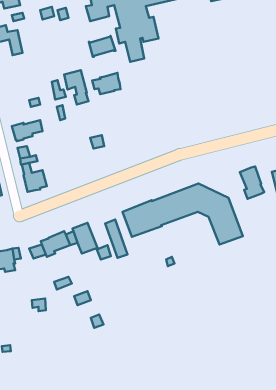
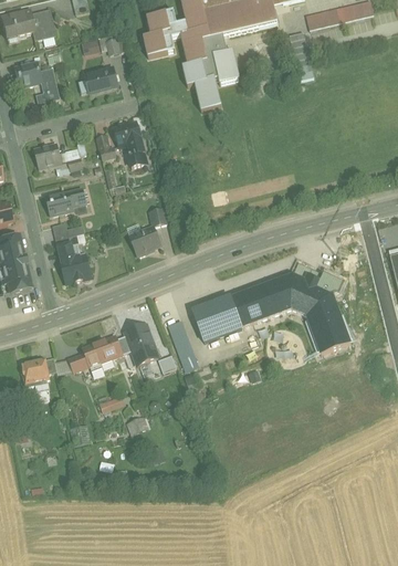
building: [89,36,115,57] -> [83,65,118,93]
building: [92,73,120,94] -> none
building: none -> [34,143,61,167]
building: none -> [128,224,160,255]
building: [240,167,264,199] -> none

